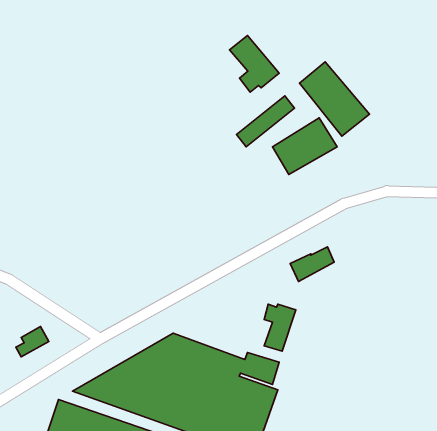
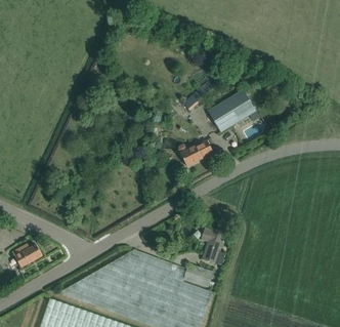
building: [229,35,279,92] -> none
building: [300,62,369,136] -> none
building: [290,247,334,282] -> [180,141,213,167]

